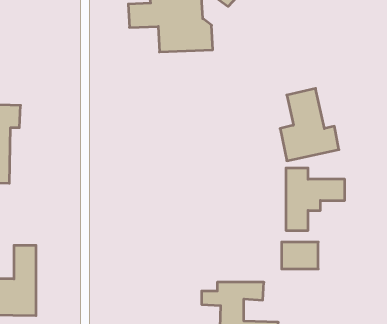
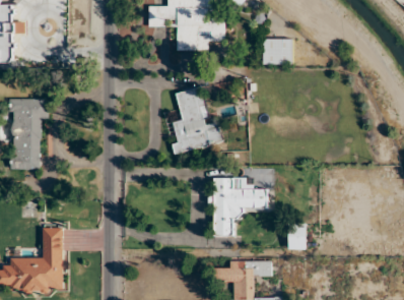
building: none -> [262,39,292,63]
building: [280,88,339,161] -> [169,86,222,153]
building: [286,168,345,230] -> [212,178,266,235]

